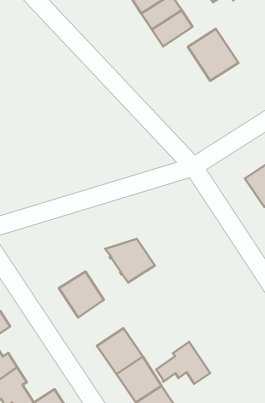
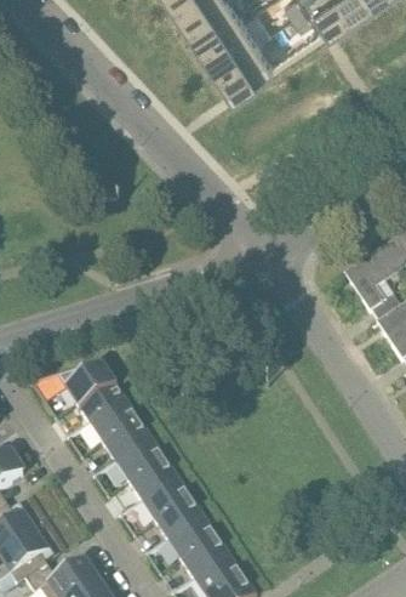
building: [188,29,238,81] -> none
building: [105,239,155,282] -> [57,359,125,419]
building: none -> [115,434,177,498]
building: [156,342,210,384] -> none

